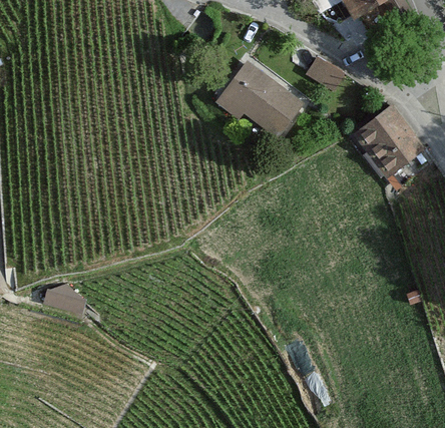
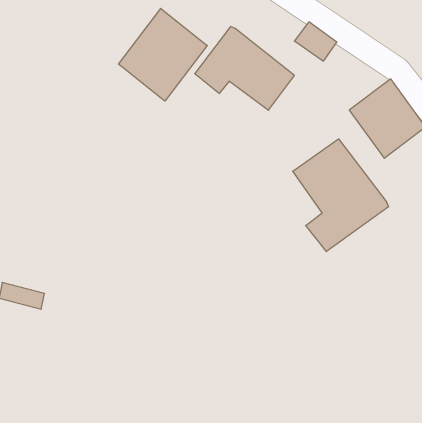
building: none -> [118,8,207,101]
building: none -> [293,139,388,252]

